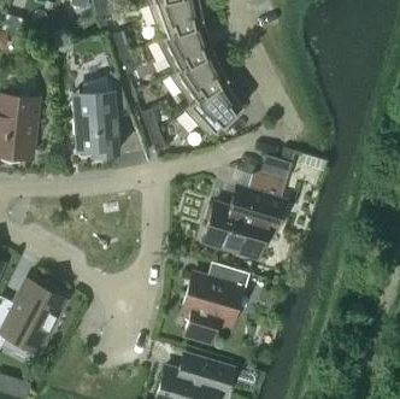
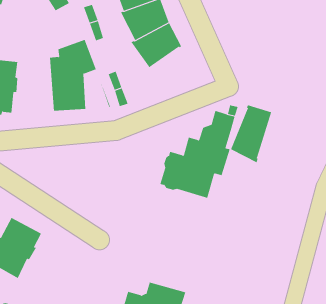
building: [183,81,243,137] -> none
building: none -> [230,105,272,163]
building: [182,263,251,341] -> none

